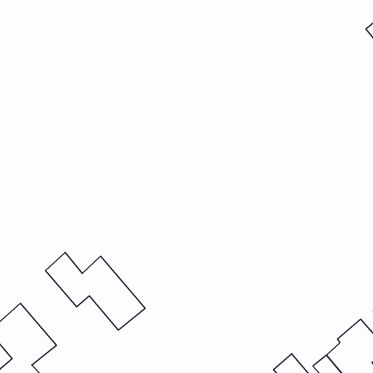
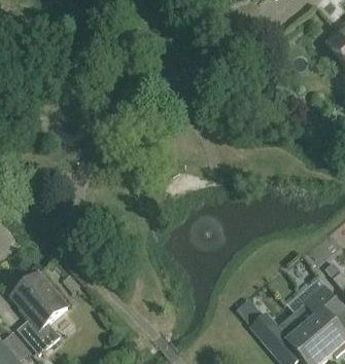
building: [45,252,145,330] -> none

